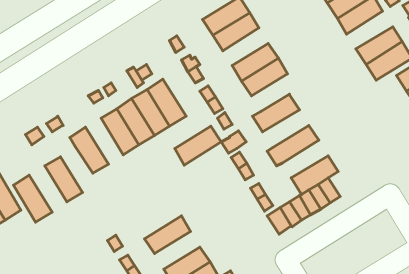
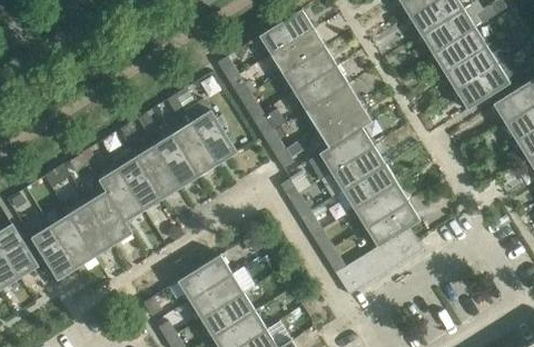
building: none -> [432,26,487,71]
building: none -> [283,46,337,91]
building: none -> [317,101,373,147]
building: none -> [330,145,386,190]
building: none -> [117,155,162,210]
building: [175,126,221,165] -> [177,254,233,300]
building: none -> [354,181,409,227]
building: none -> [87,189,134,245]
building: none -> [49,212,95,268]
building: none -> [200,291,255,337]

